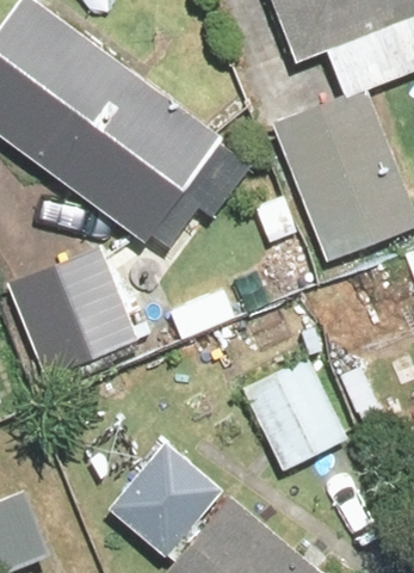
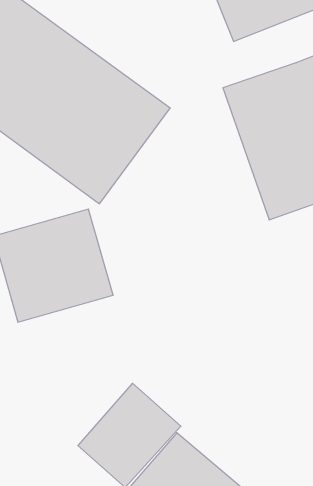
building: [246,350,359,470] -> none

